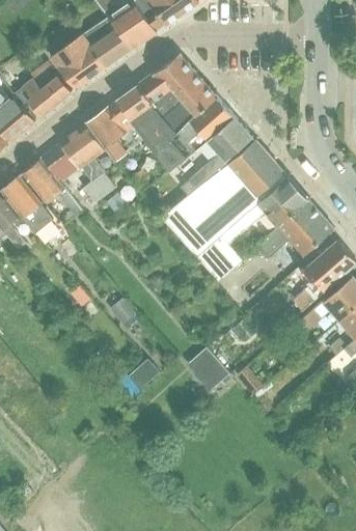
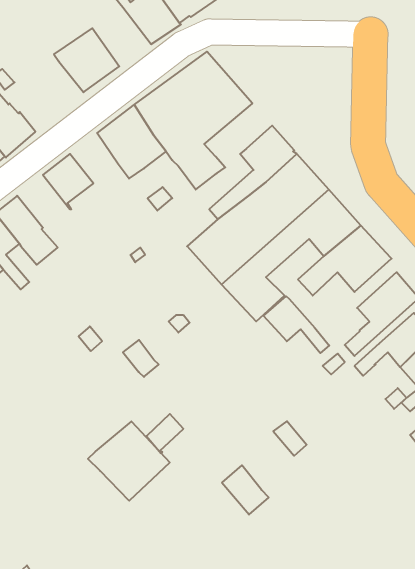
building: [82,17,132,66] -> none
building: [16,61,72,116] -> none
building: [176,97,235,142] -> none
building: [63,122,114,202] -> none
building: [22,158,83,216] -> none
building: none -> [264,296,329,353]
building: [190,346,229,388] -> [222,465,269,515]
building: none -> [88,421,170,501]

